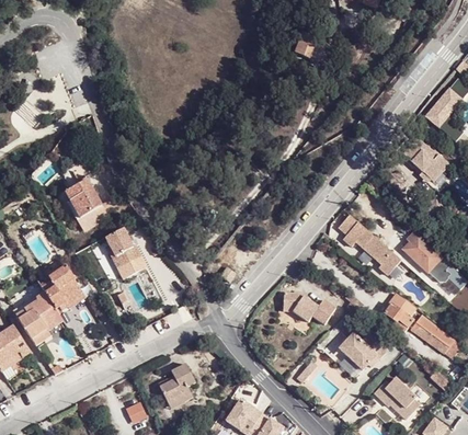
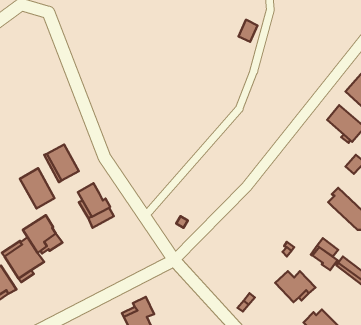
building: none -> [20,168,55,209]
building: [338,215,400,275] -> none
building: [279,296,331,327] -> none

